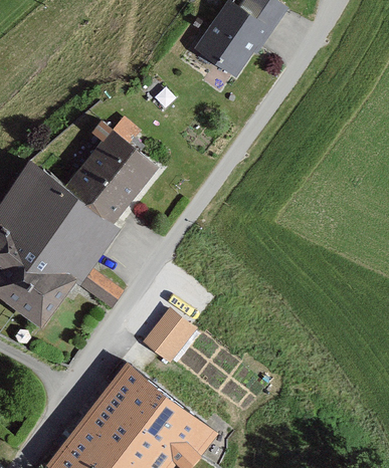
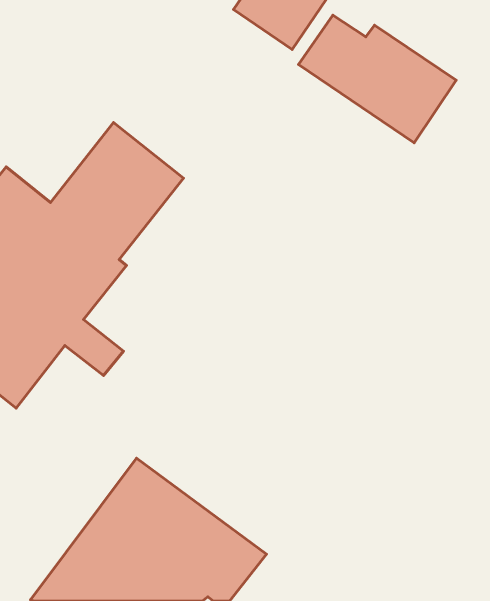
building: none -> [299,15,456,143]
building: [139,309,187,360] -> none

